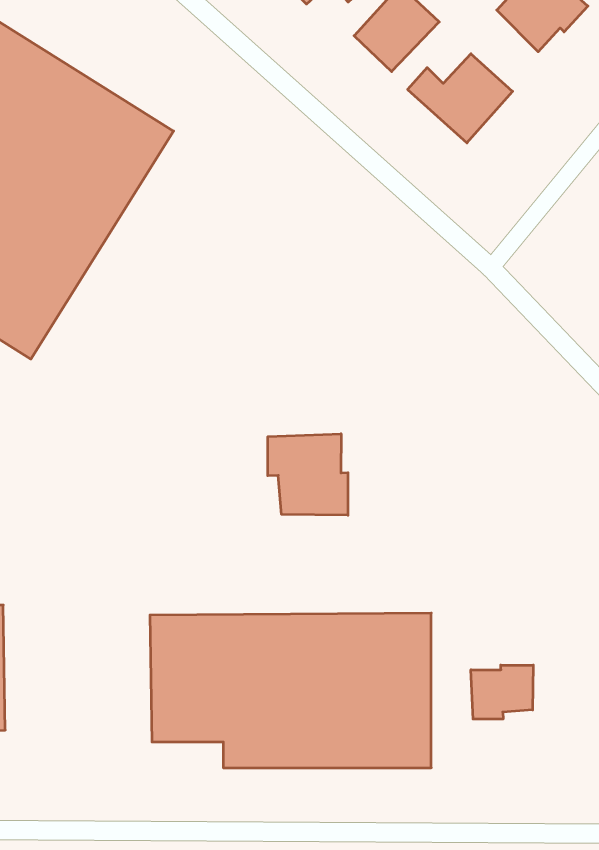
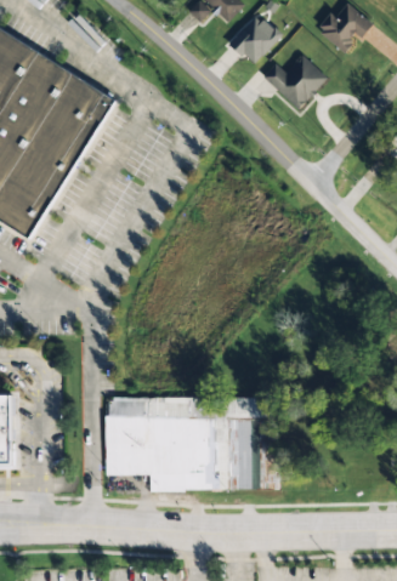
building: [268,434,348,515] -> none
building: [471,665,533,719] -> none

